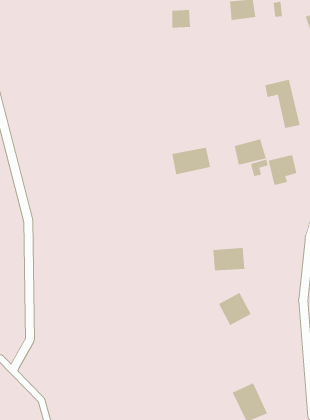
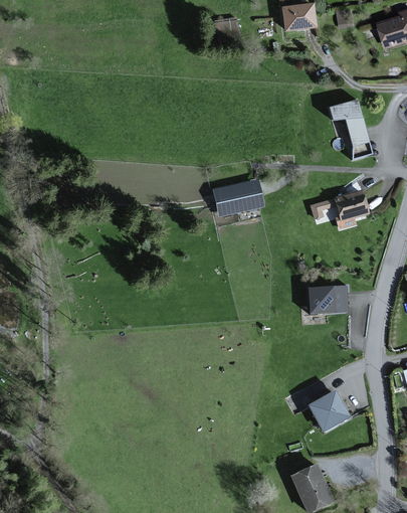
building: [234,139,266,165] -> none
building: [213,247,245,271] -> [310,285,349,313]
building: [218,292,252,326] -> [310,390,350,431]

